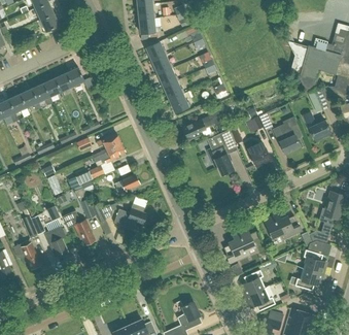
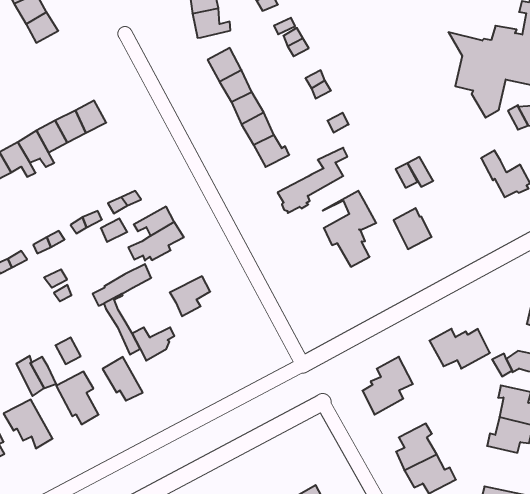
building: [273,124,302,154] -> none
building: [113,203,145,229] -> none

